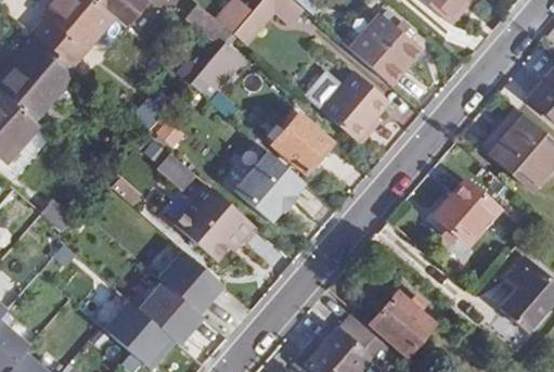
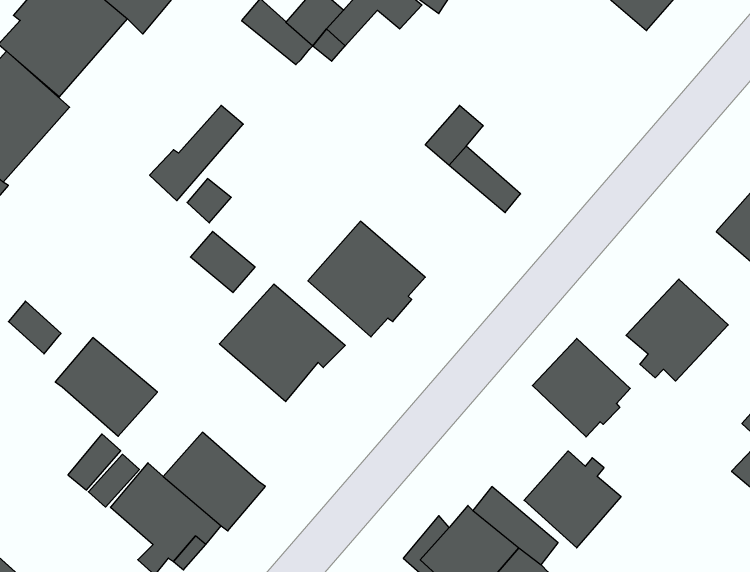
building: [351,15,420,85] -> none
building: [191,42,243,98] -> none
building: [331,70,389,128] -> none
building: [272,113,333,171] -> none
building: none -> [532,338,630,437]
building: [158,248,223,311] -> [55,338,157,436]

